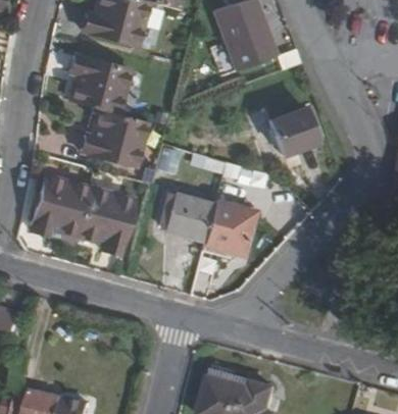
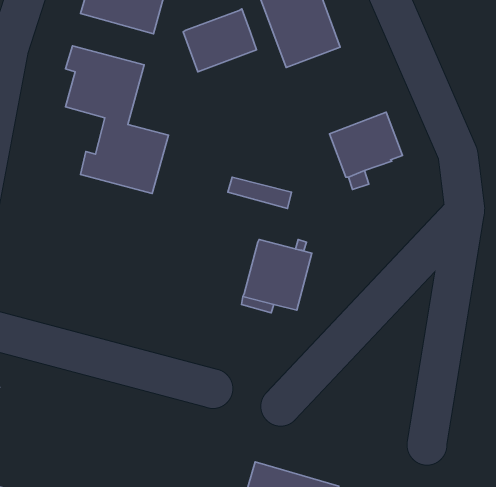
building: none -> [183,9,256,72]
building: [31,175,135,254] -> none
building: [164,192,215,242] -> none

